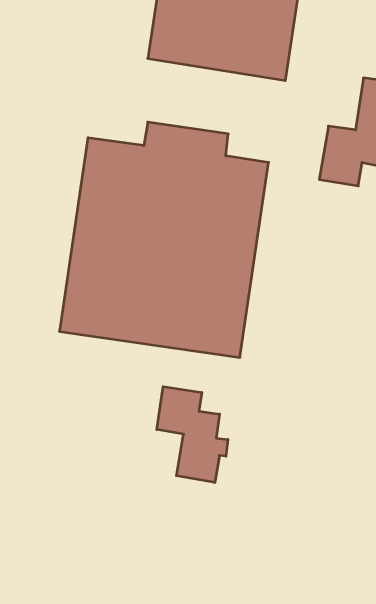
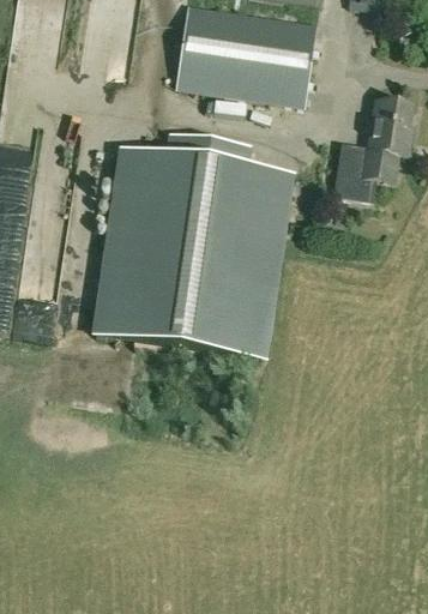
building: [157,387,228,483] -> none

